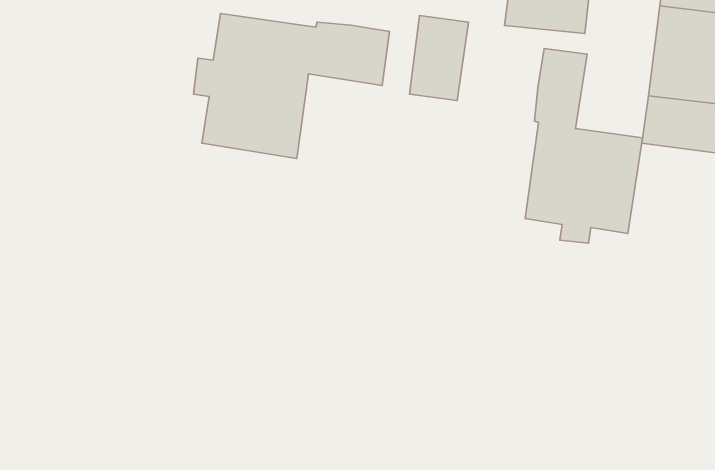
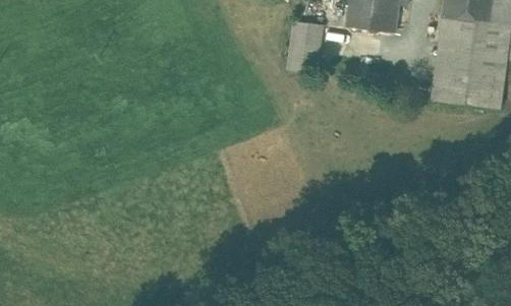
building: [194,14,389,159] -> none
building: [525,49,643,243] -> none

